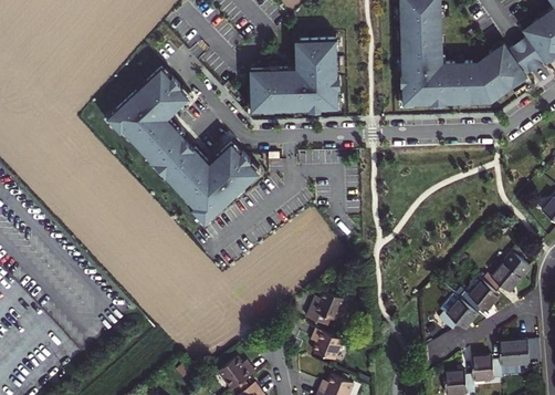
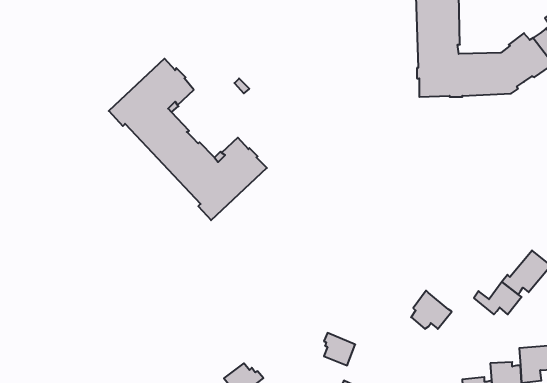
building: [251,41,341,111] -> none
building: [306,291,346,326] -> none
building: [439,294,478,331] -> [411,291,452,329]

